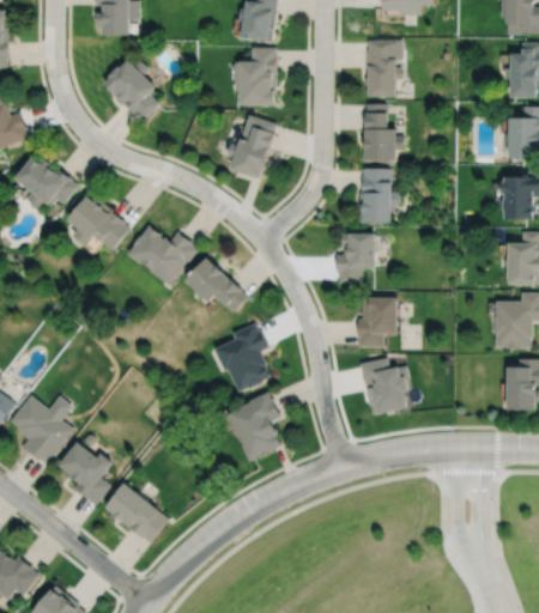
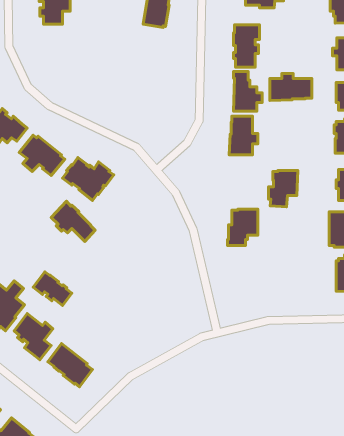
building: [232,48,274,108] -> none
building: [101,62,157,122] -> none
building: none -> [270,74,312,100]
building: [225,113,275,175] -> none
building: [335,231,376,281] -> [268,171,298,207]
building: [186,255,247,311] -> [51,201,95,241]
building: [214,322,270,392] -> none
building: [358,358,407,414] -> none
building: none -> [33,272,72,305]
building: [228,390,283,461] -> none

